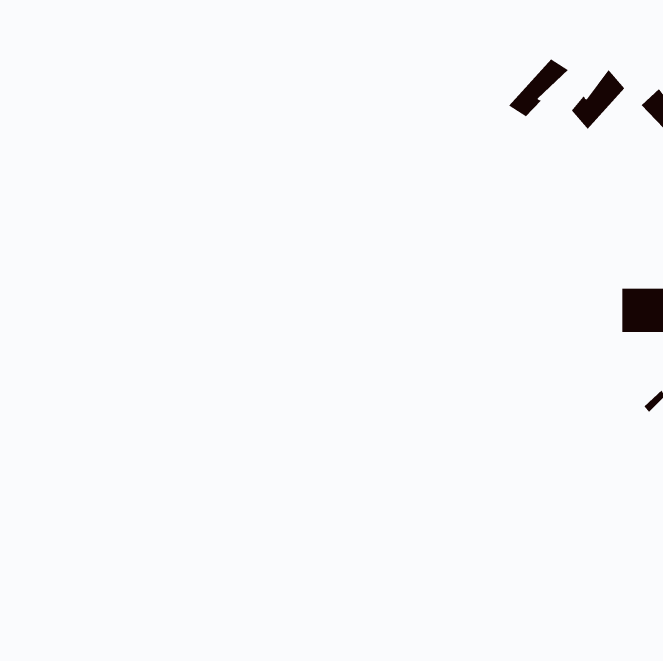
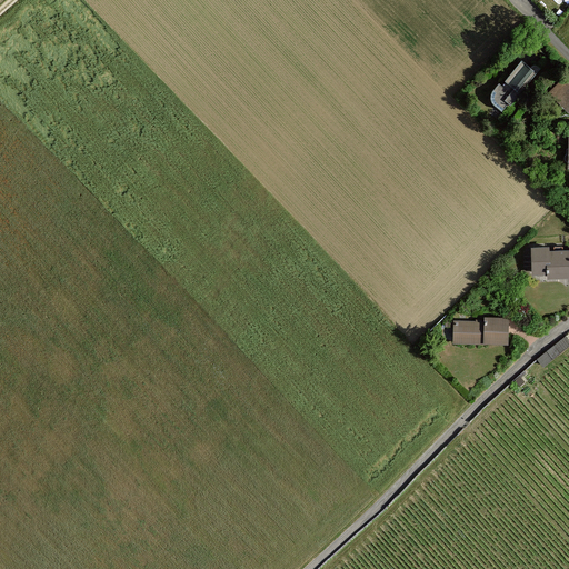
building: [508,59,569,117] -> none
building: none -> [453,317,508,348]

